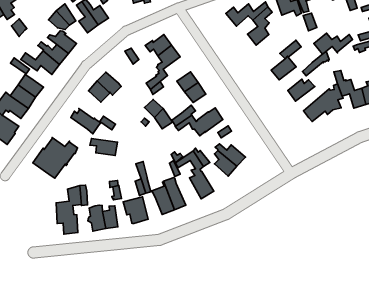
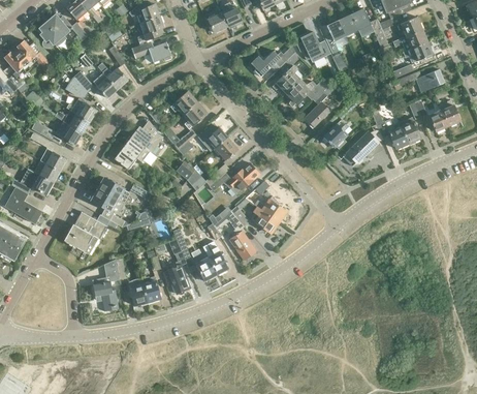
building: [314,33,352,54] -> [285,80,325,103]
building: none -> [130,126,162,153]
building: none -> [91,189,124,228]

